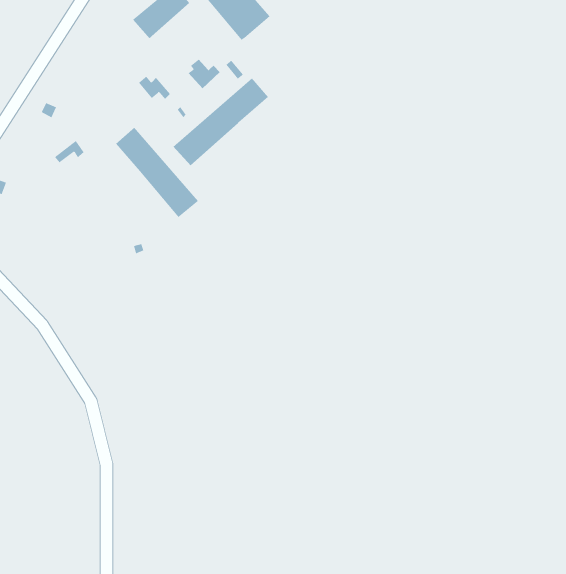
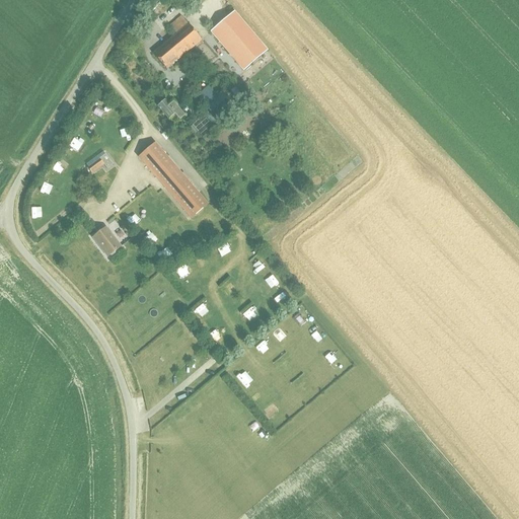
building: [172,77,269,166] -> none
building: none -> [92,226,121,255]

